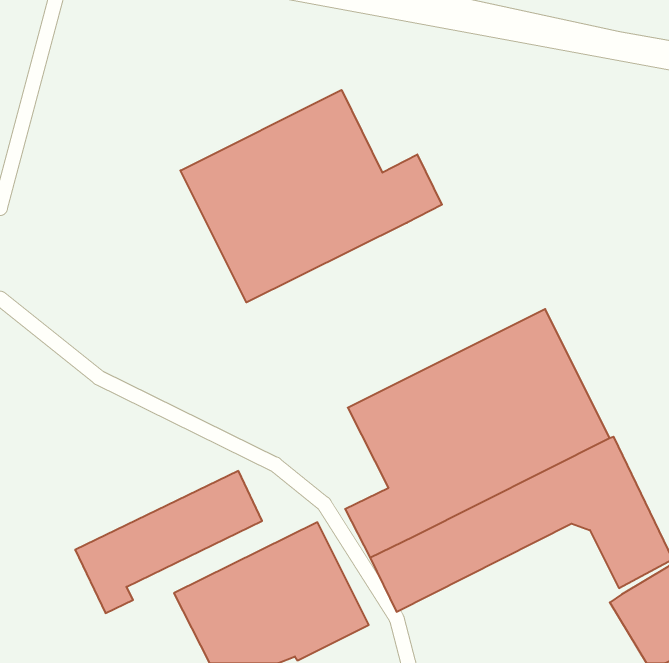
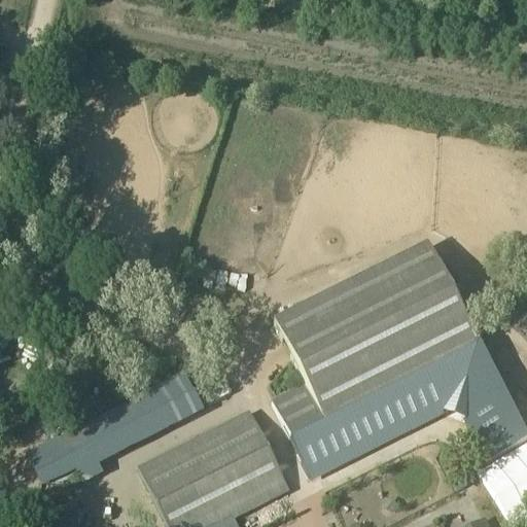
building: [180,90,442,302] -> none

